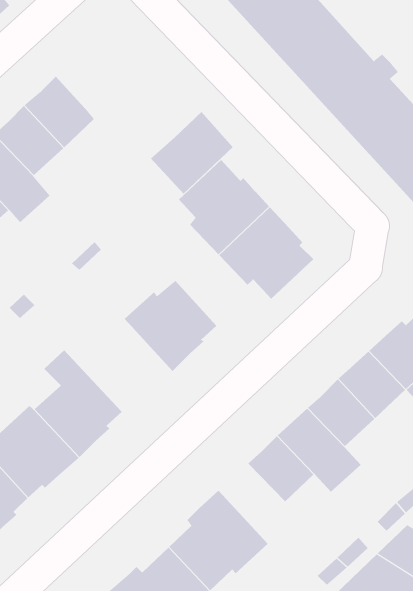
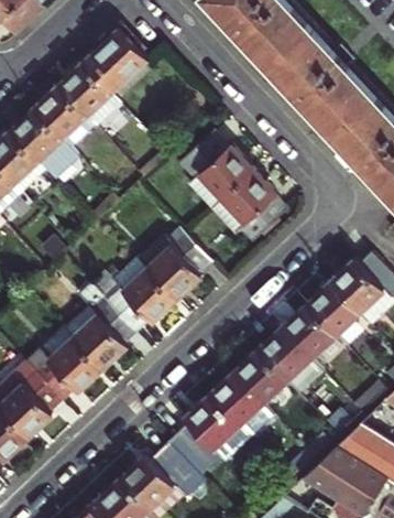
building: [150,111,233,195] -> [80,29,146,95]
building: none -> [87,258,173,333]
building: none -> [209,374,272,438]

